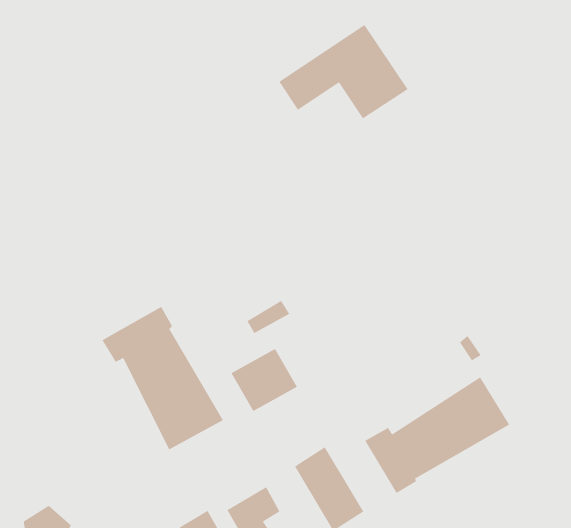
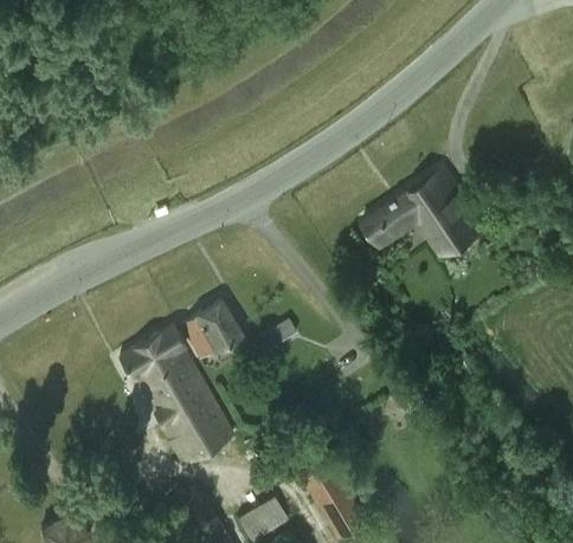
building: [279,24,409,119] -> [363,168,487,258]
building: [230,348,298,412] -> [180,300,244,361]
building: [364,377,510,494] -> none

